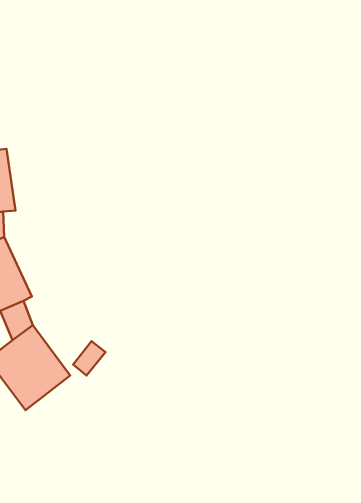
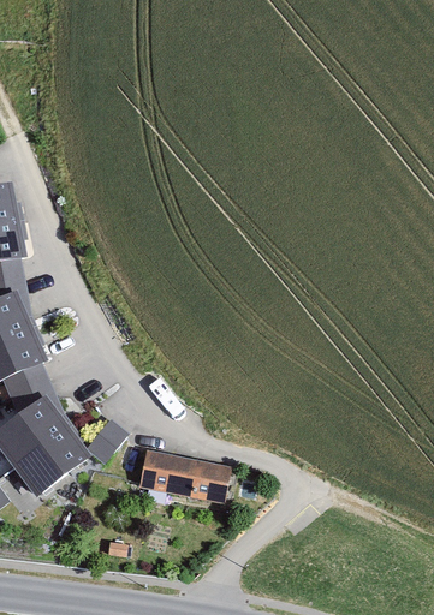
building: none -> [139,450,230,500]

